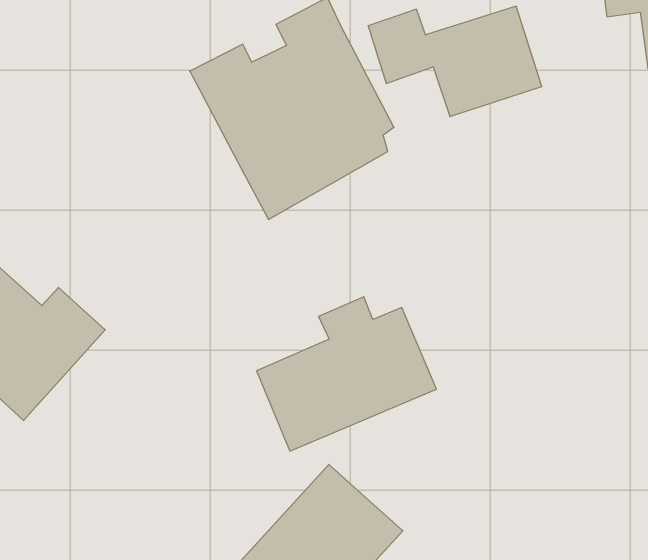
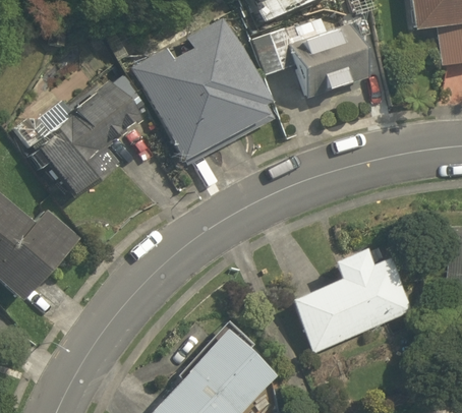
building: none -> [19,80,139,195]
building: [257,297,436,451] -> [292,249,413,353]

